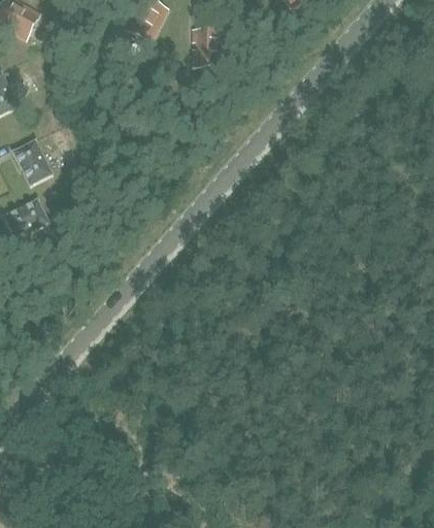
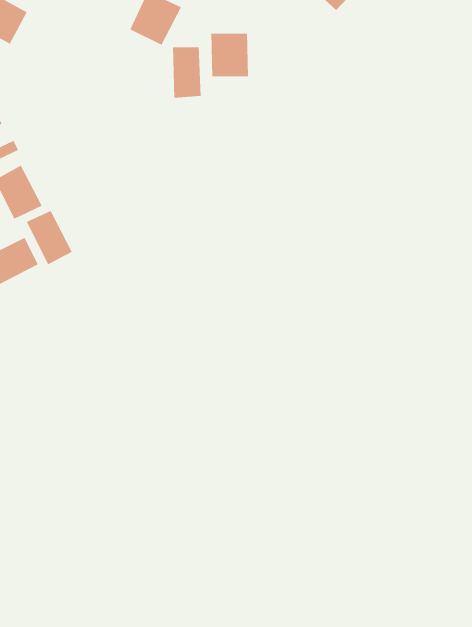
building: none -> [172,47,201,98]
building: none -> [26,210,72,265]

